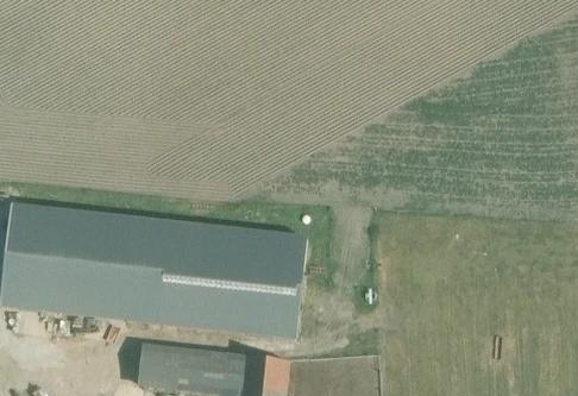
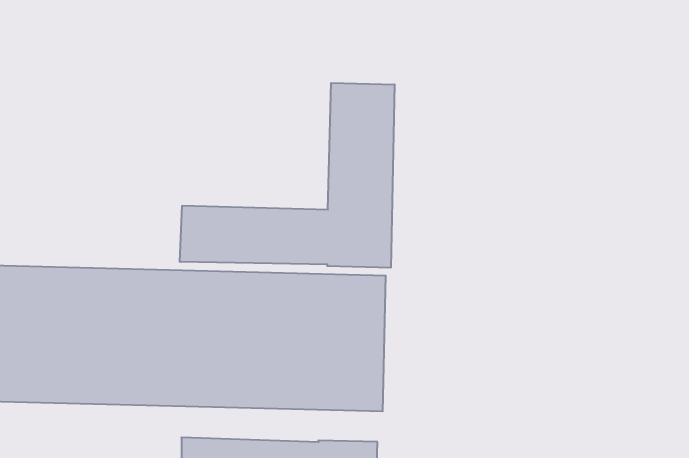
building: none -> [180,83,395,268]

